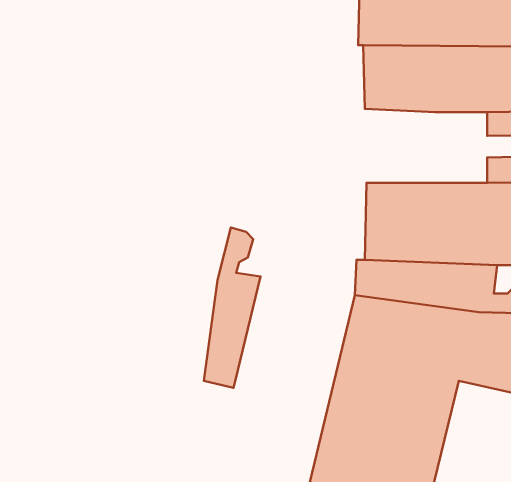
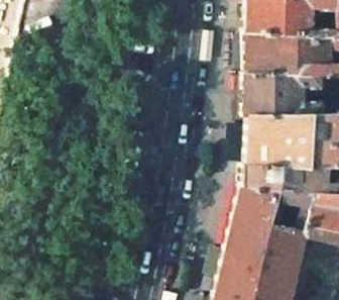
building: none -> [243,73,322,117]
building: [204,227,260,388] -> none

